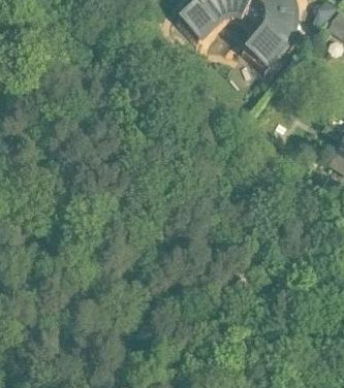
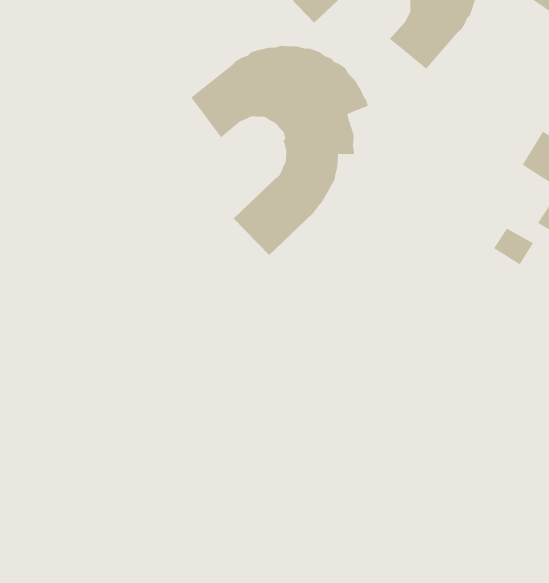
building: none -> [190,45,368,256]

